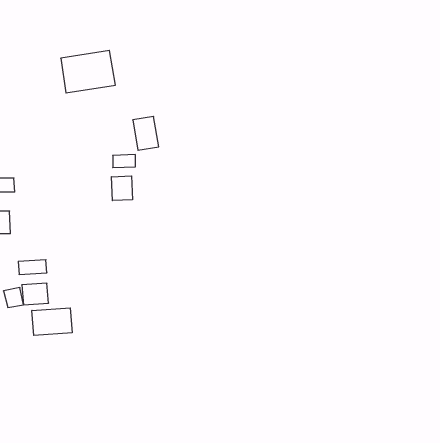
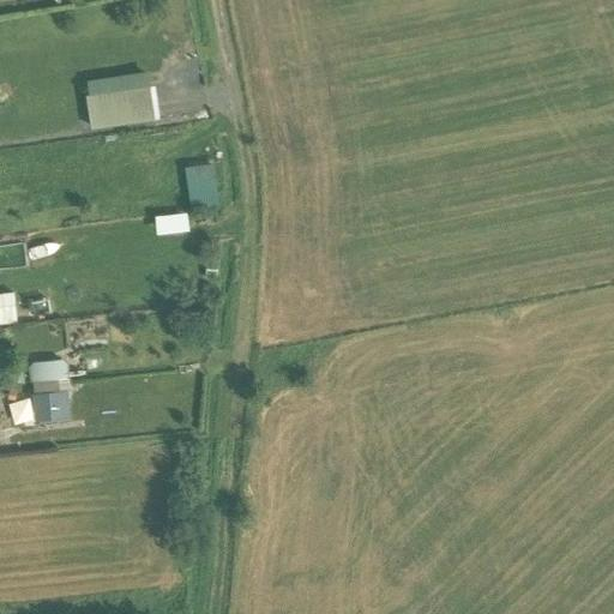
building: [111,176,132,201] -> none
building: [32,308,72,335] -> none

